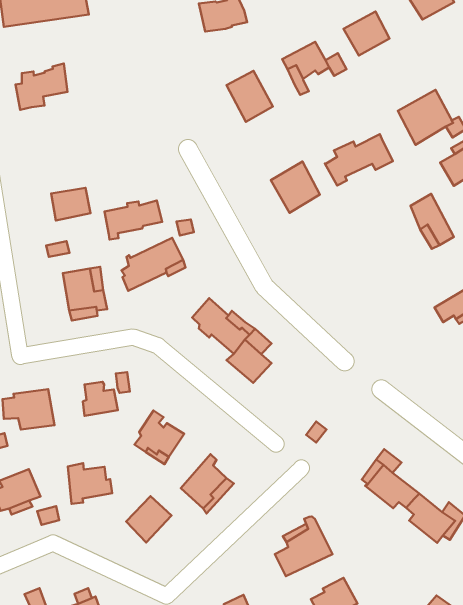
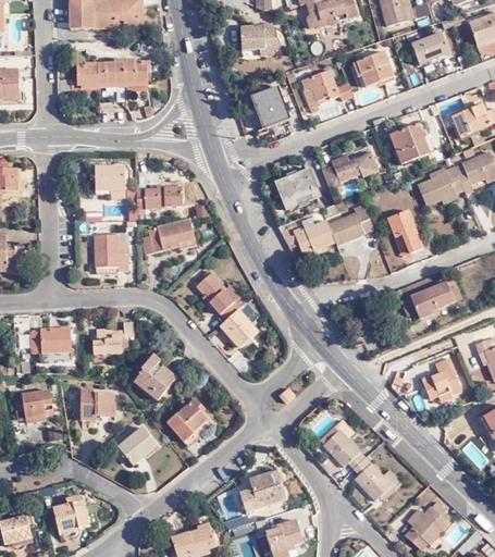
building: none -> [117,60,156,84]
building: none -> [282,208,374,253]

